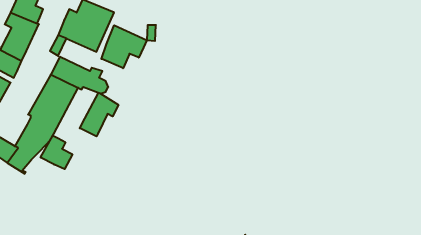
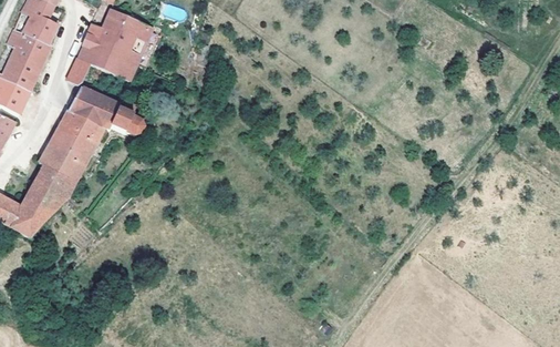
building: [101,25,147,68] -> none
building: [80,93,118,136] -> none
building: [41,135,72,169] -> none

